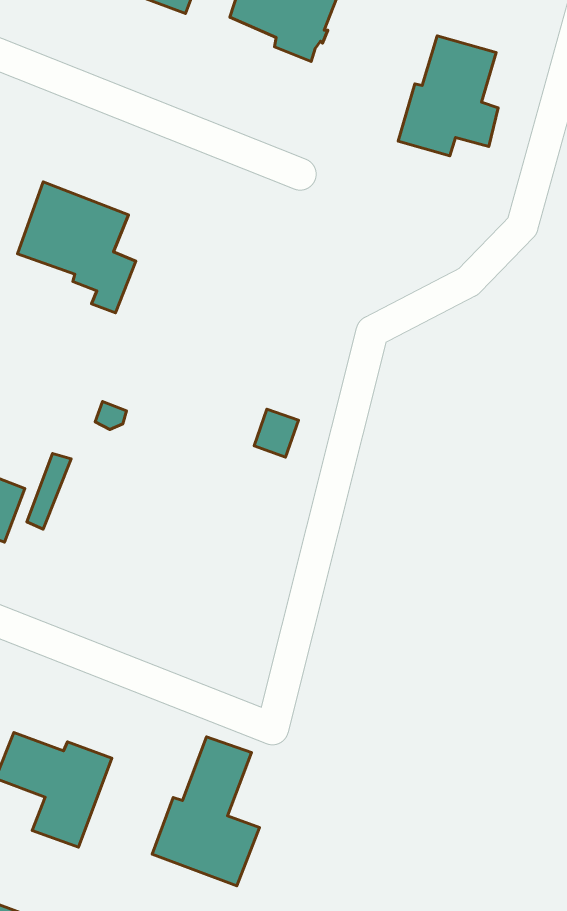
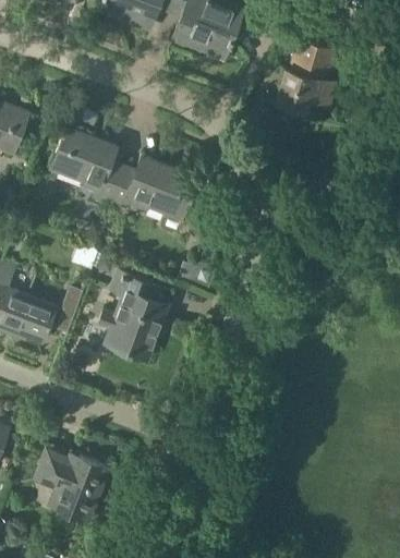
building: none -> [108,155,196,232]
building: none -> [98,271,166,356]
building: [152,737,260,886] -> none

